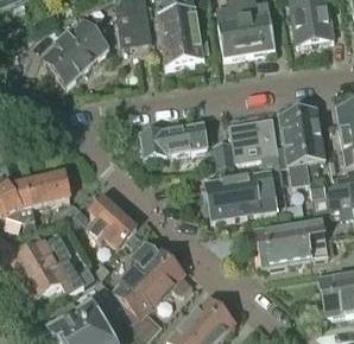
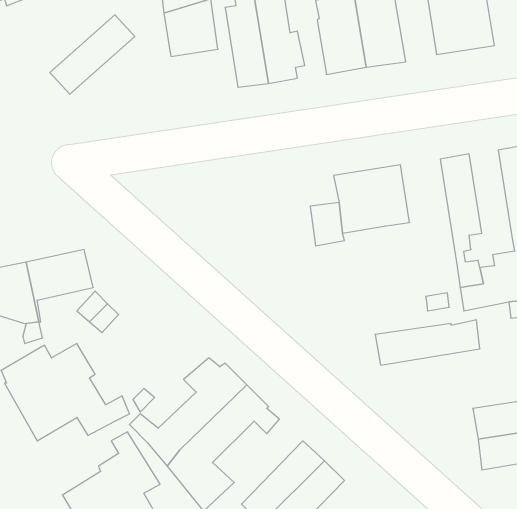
building: [55,32,109,84] -> none
building: [279,113,309,180] -> none
building: [140,123,207,159] -> none
building: [204,154,284,221] -> none
building: [88,197,137,249] -> none
building: [259,237,328,267] -> none

